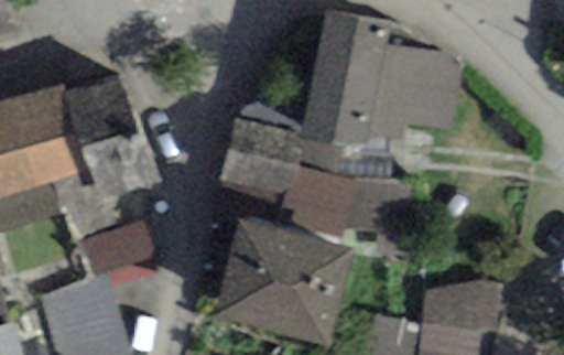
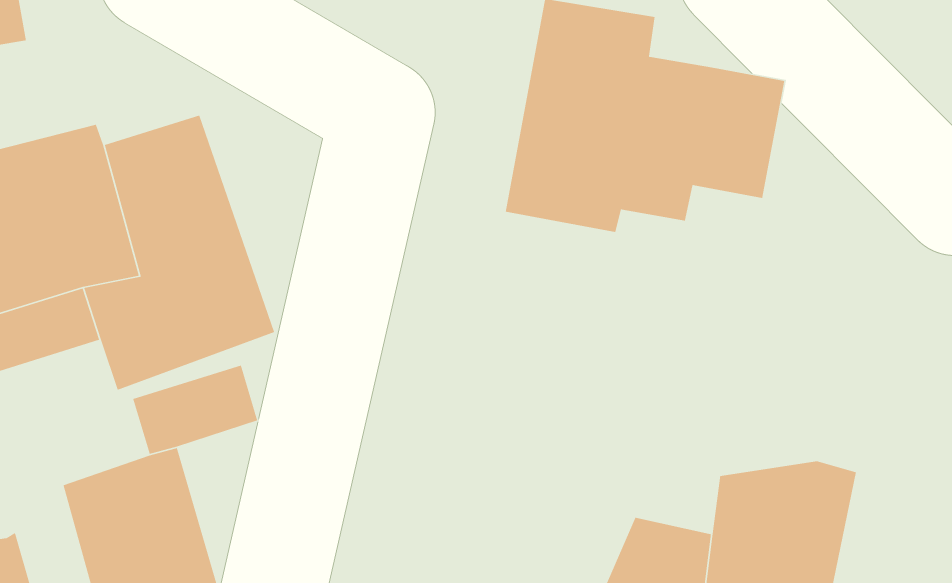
building: [215,118,410,235] -> none
building: [215,216,356,347] -> none

